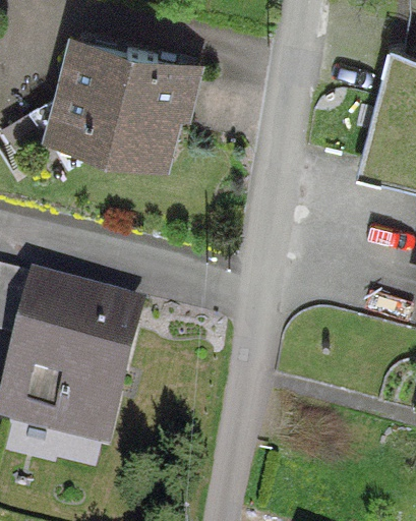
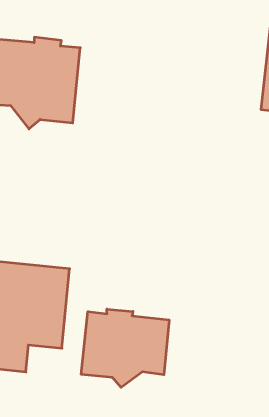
building: none -> [81,309,169,387]

